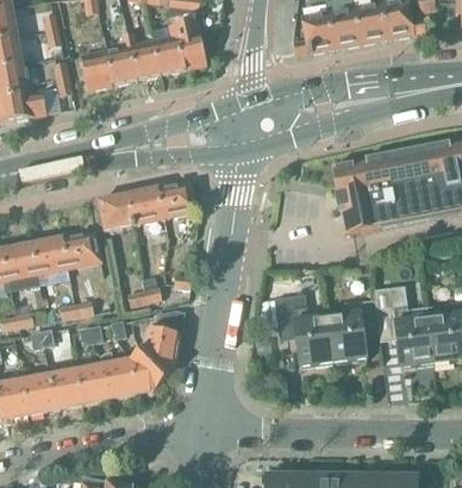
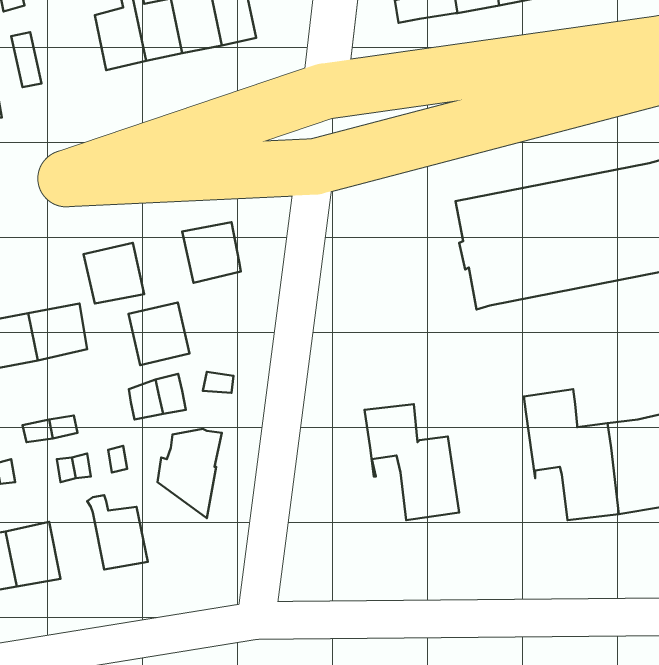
building: [80,51,112,90] -> none
building: [129,187,167,226] -> [129,302,189,365]
building: [325,300,381,363] -> none
building: [131,344,176,394] -> none
building: [76,363,111,405] -> none

